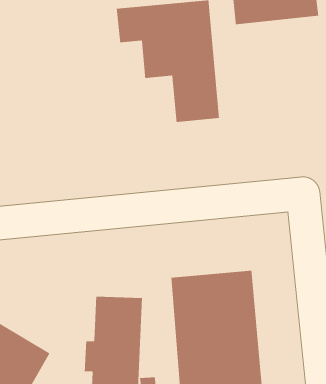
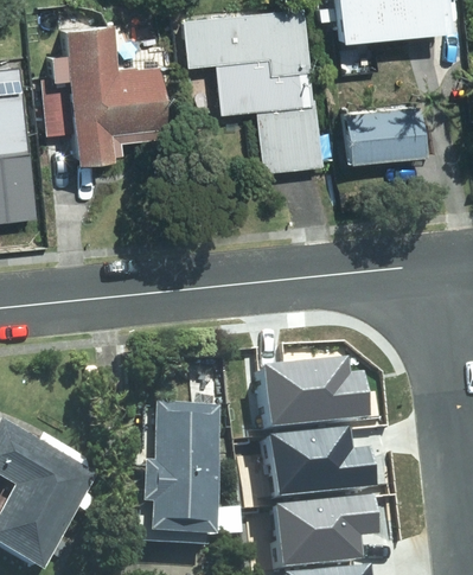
building: none -> [52,26,168,165]
building: none -> [343,108,424,166]

